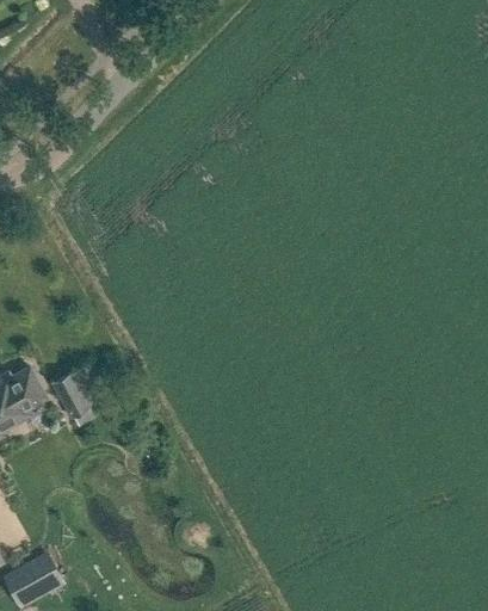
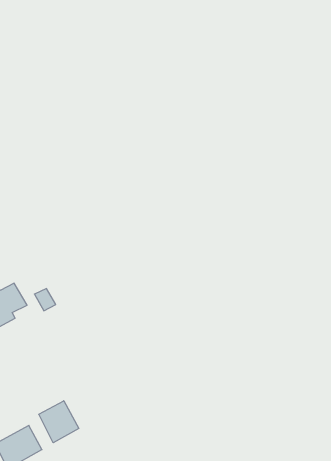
building: none -> [39,401,79,443]

